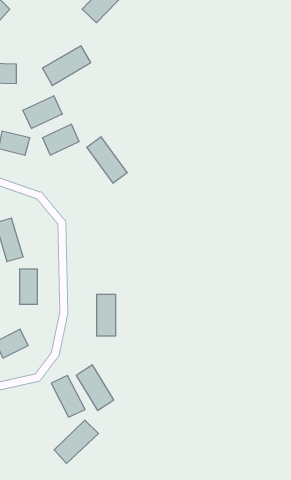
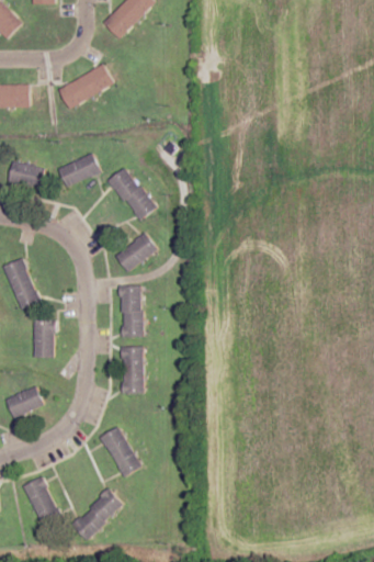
building: [23,96,62,129] -> none
building: none -> [115,232,157,271]
building: none -> [121,285,141,336]
building: [51,376,85,417] -> [22,476,60,524]

